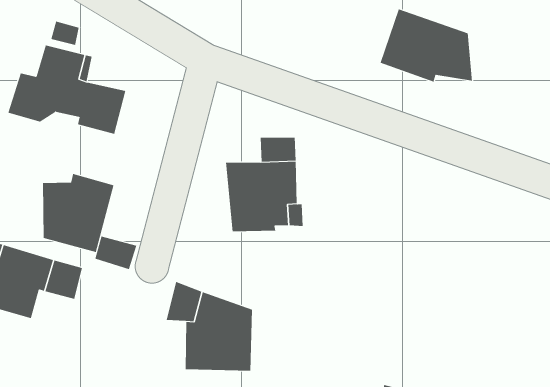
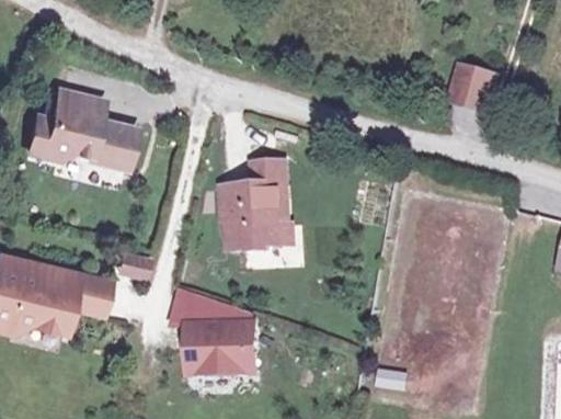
building: [380,9,472,83] -> none
building: none -> [445,73,489,117]
building: [43,173,114,253] -> none

